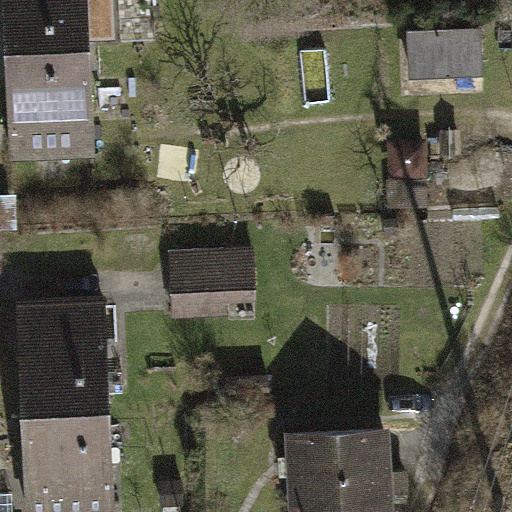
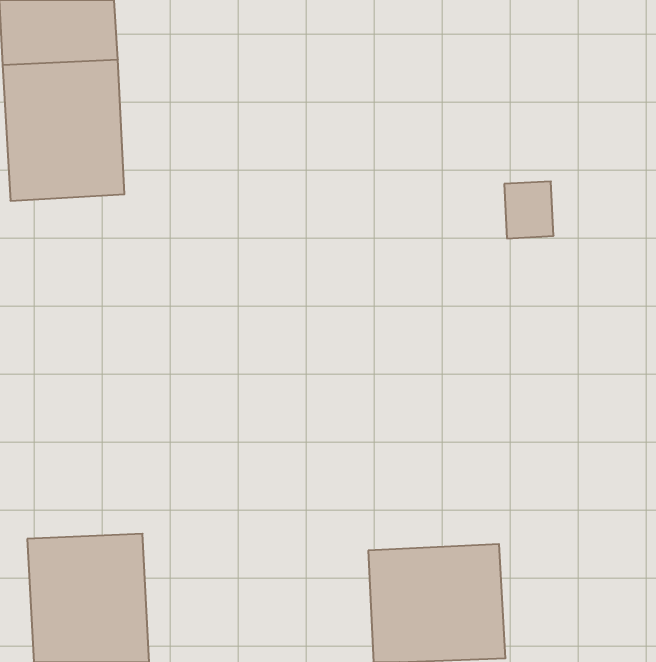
building: [405,31,488,91] -> none
building: [166,246,260,321] -> none
building: [16,308,110,416] -> none

